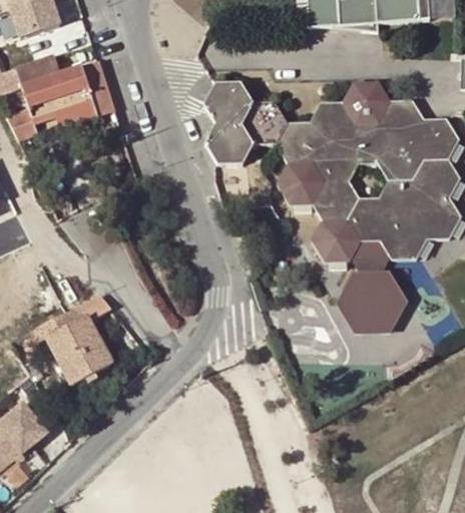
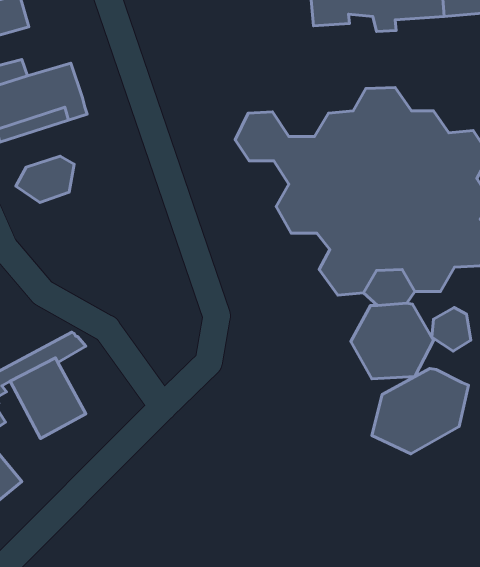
building: [201,85,253,166] -> none
building: none -> [16,156,74,203]
building: none -> [432,307,471,351]
building: none -> [372,368,468,454]

